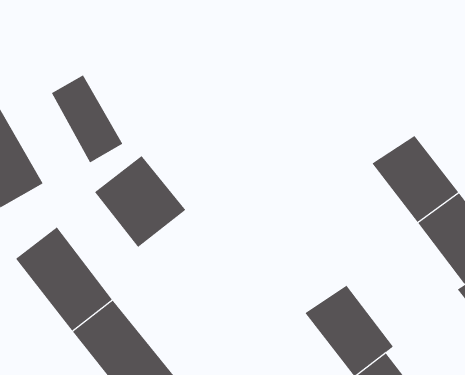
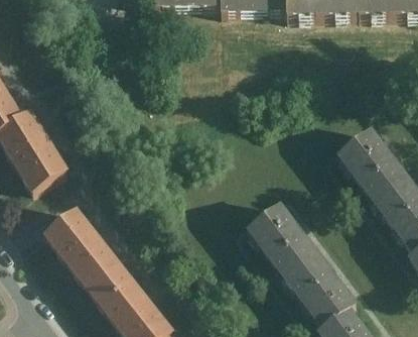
building: [51,75,123,163] -> none
building: [94,155,186,248] -> none
building: none -> [243,206,314,276]

